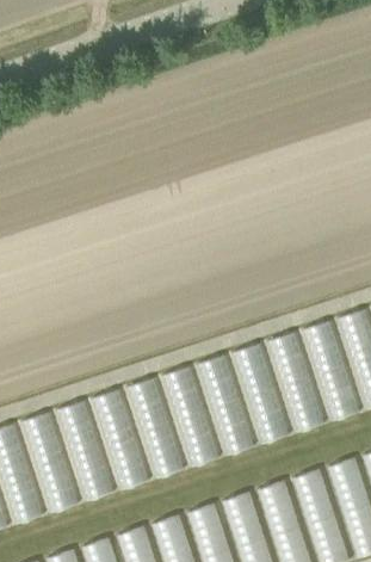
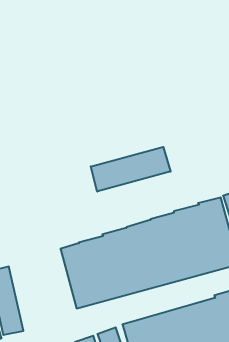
building: none -> [91,147,171,192]
building: [21,402,112,514] -> none

